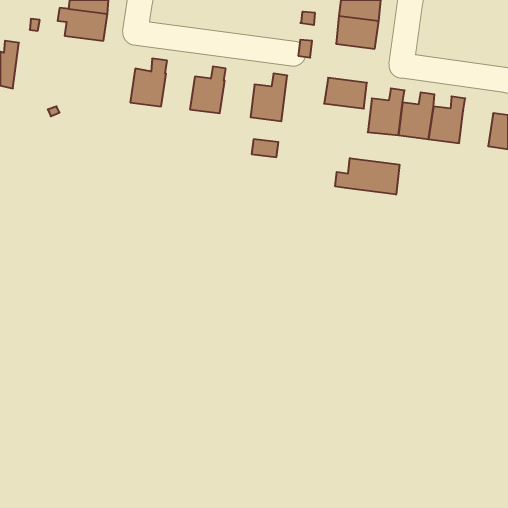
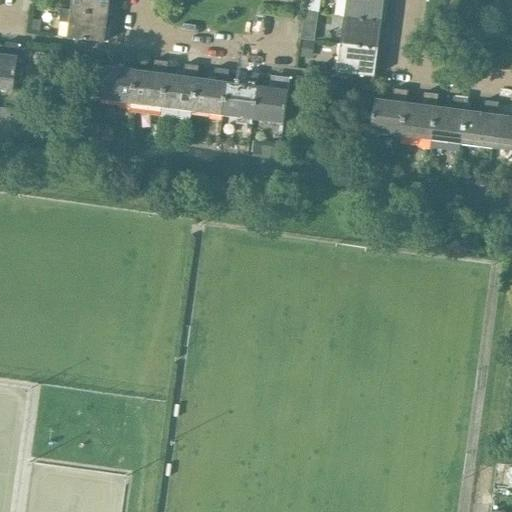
building: none -> [100,55,137,103]
building: none -> [162,63,198,110]
building: none -> [221,71,258,118]
building: [324,78,367,109] -> [334,44,377,75]
building: none -> [462,101,497,147]
building: [335,158,399,195] -> none

